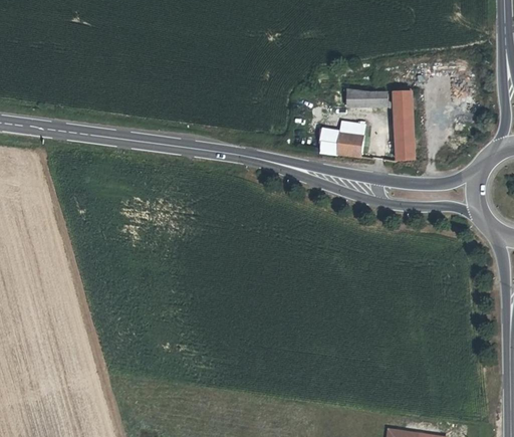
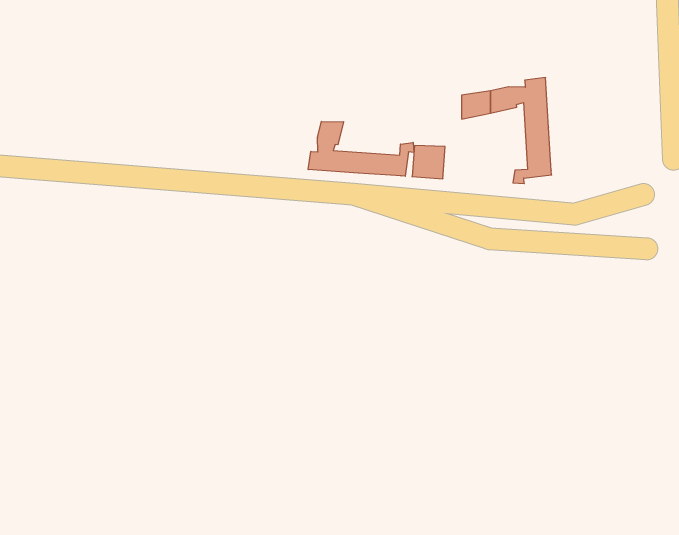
building: none -> [308,121,414,176]
building: [335,131,361,156] -> none

